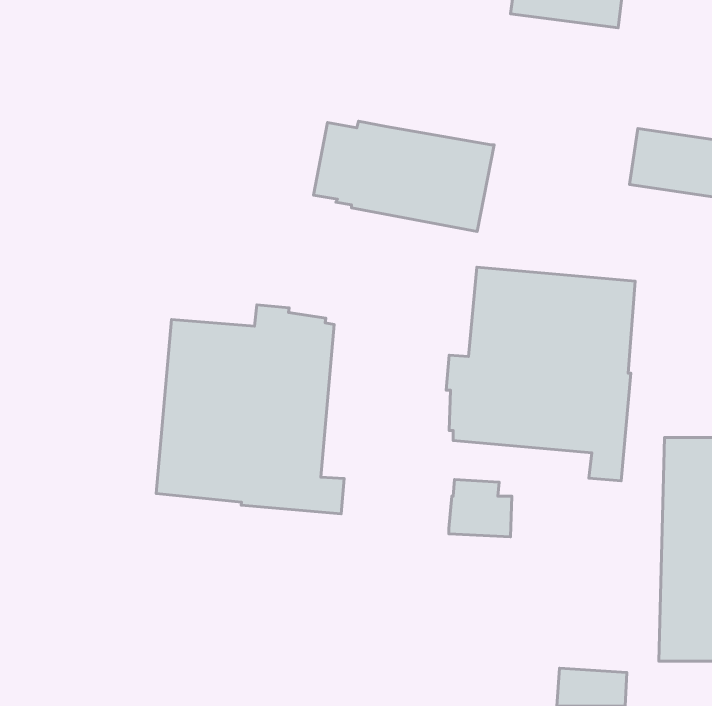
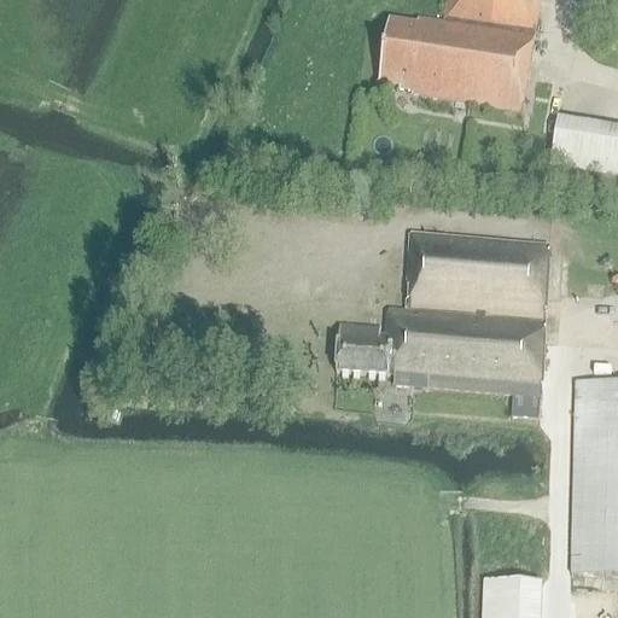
building: [314,121,494,231] -> [380,14,536,110]
building: [156,305,344,514] -> none
building: [449,479,512,537] -> [337,322,391,372]

